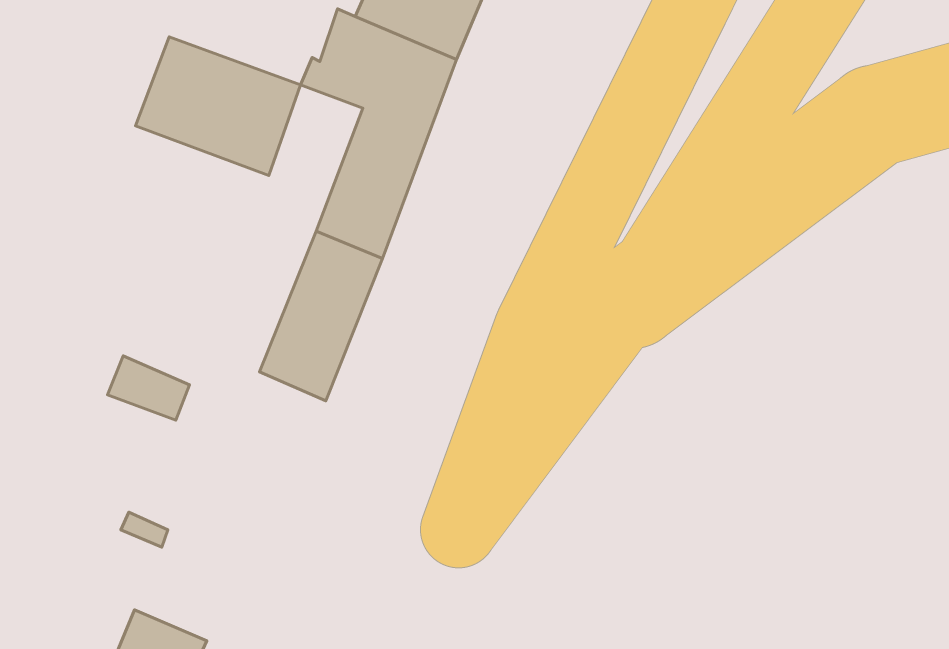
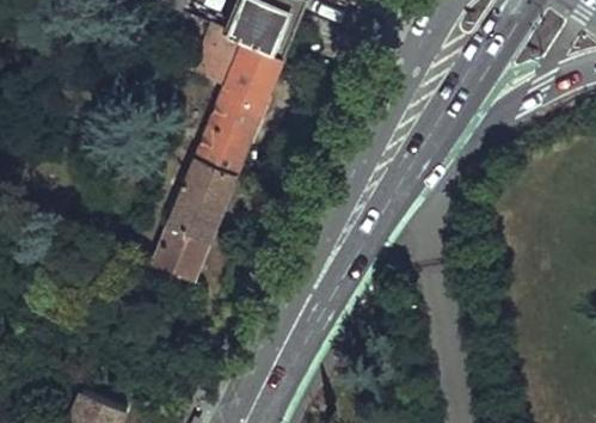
building: [135,37,300,176] -> none
building: [107,356,189,420] -> [150,246,201,286]

